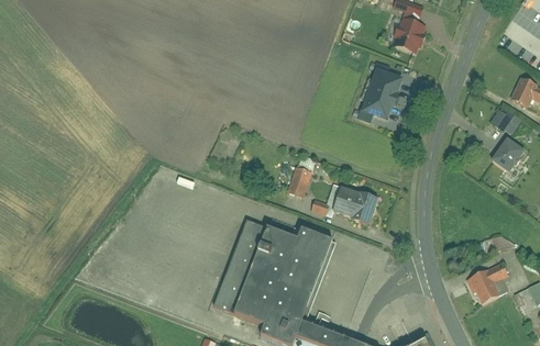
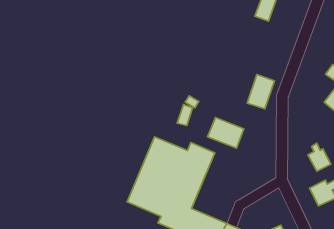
building: [364,74,401,121] -> [247,74,275,109]
building: none -> [308,143,331,171]

